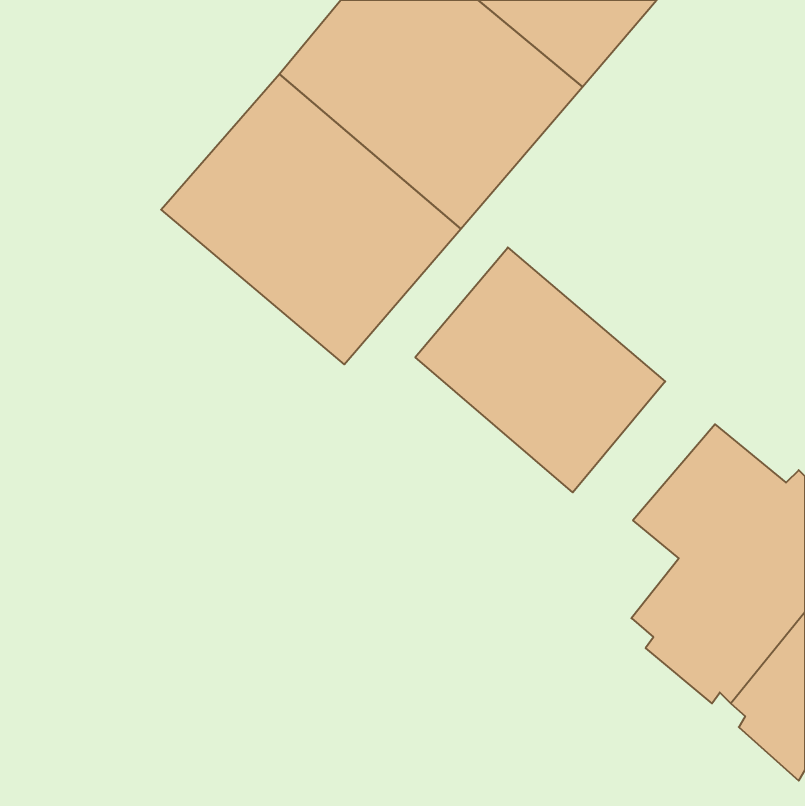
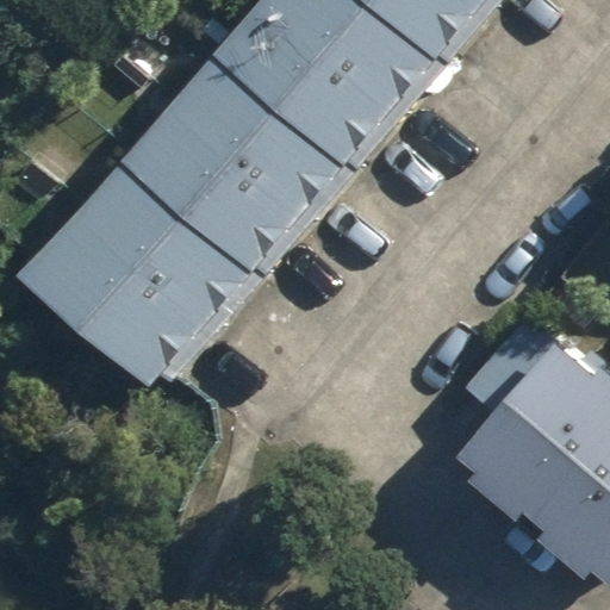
building: none -> [19,158,260,396]
building: [415,247,665,492] -> none

